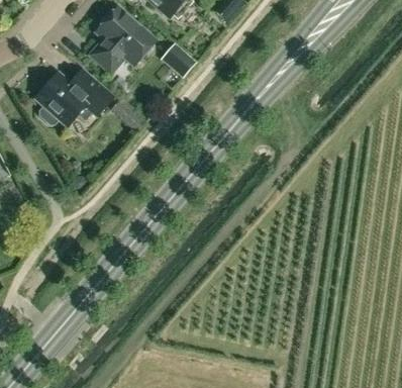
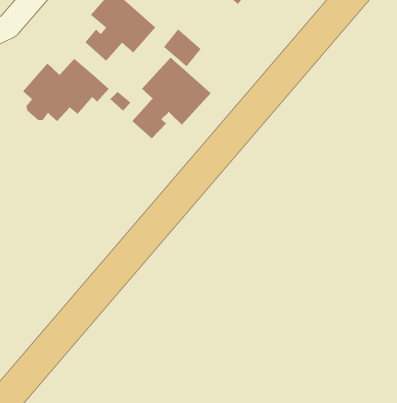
building: none -> [131,57,211,139]

